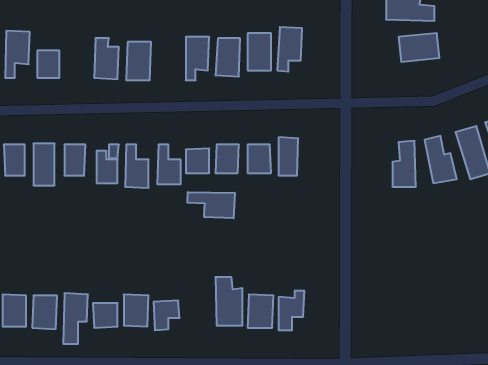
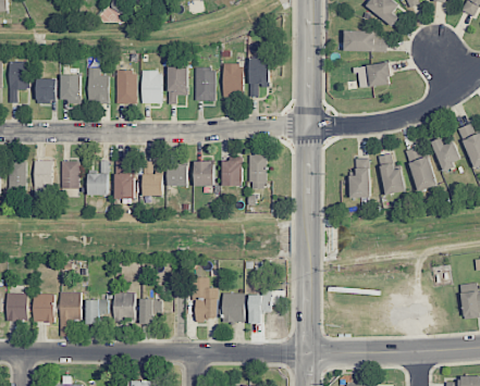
building: none -> [141,71,162,103]
building: none -> [61,74,82,102]
building: [187,192,235,218] -> none

